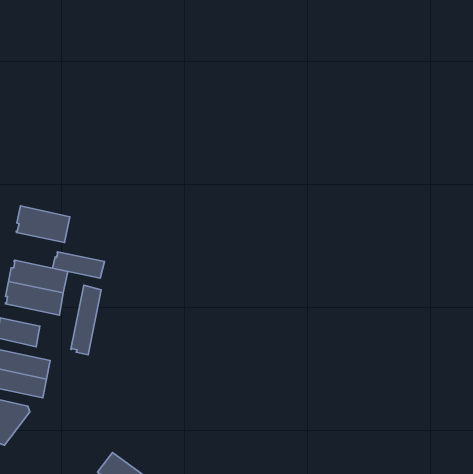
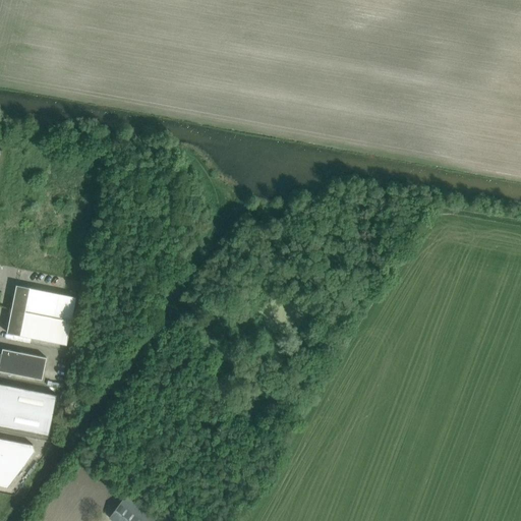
building: [16,206,70,243] -> none
building: [53,252,104,278] -> none
building: [71,285,101,355] -> none

